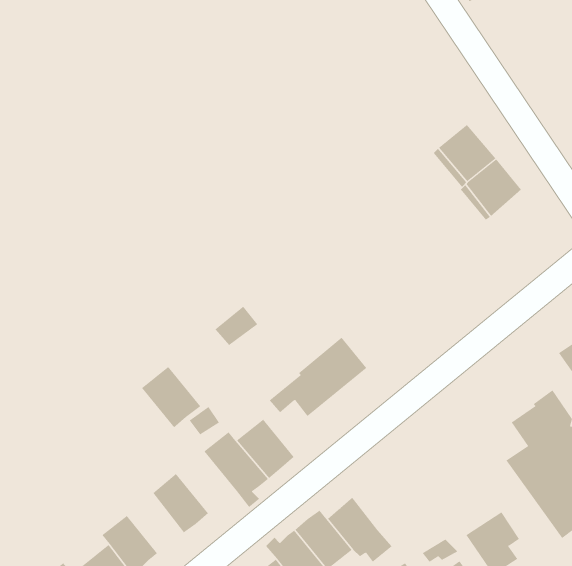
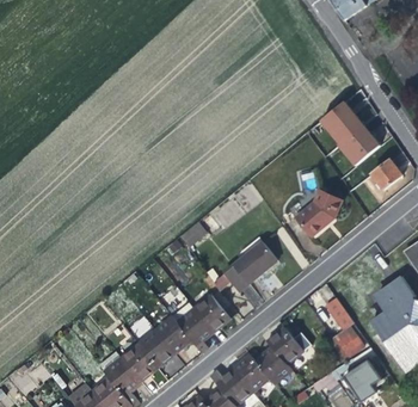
building: none -> [373,159,405,191]
building: none -> [296,190,343,236]
building: [141,366,201,428] -> [154,316,193,357]
building: none -> [326,300,364,362]
building: none -> [265,326,305,368]
building: none -> [122,344,159,383]

